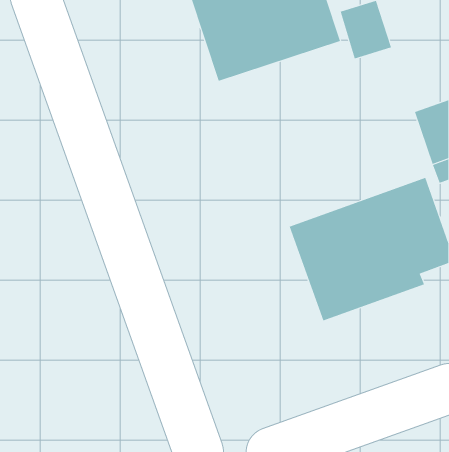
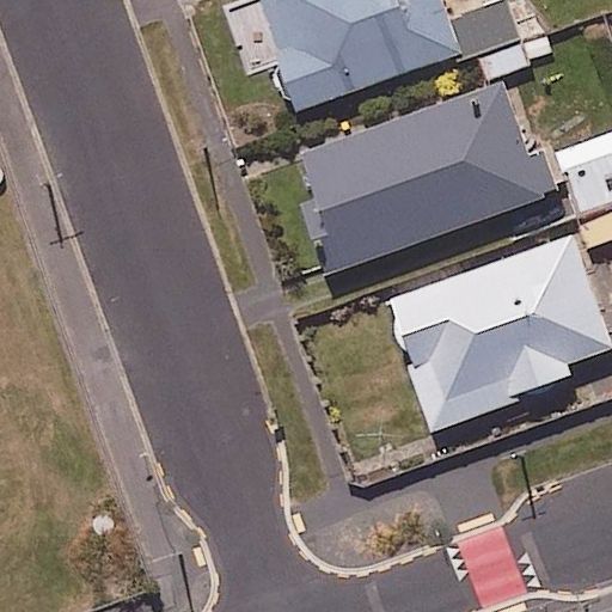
building: none -> [302,82,555,268]

